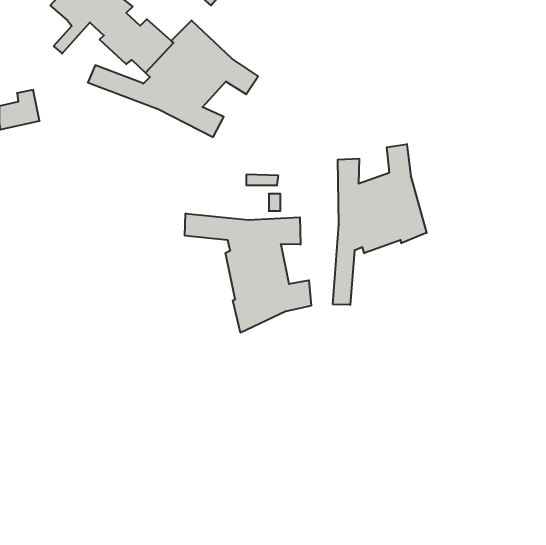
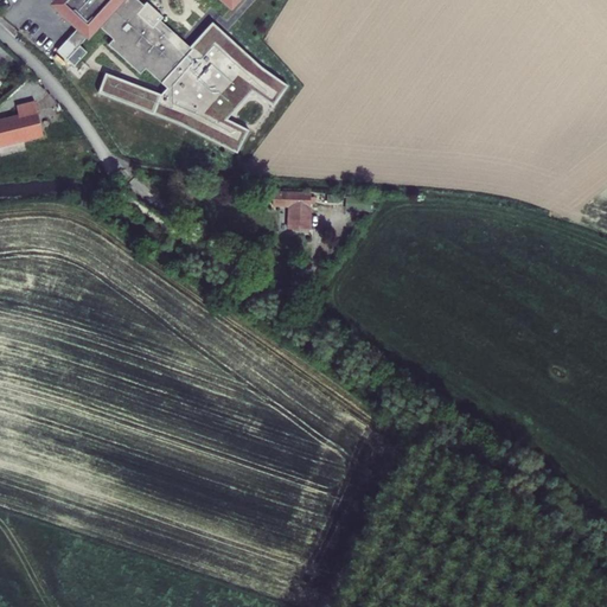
building: [333,144,427,305] -> none
building: [185,213,311,333] -> none

